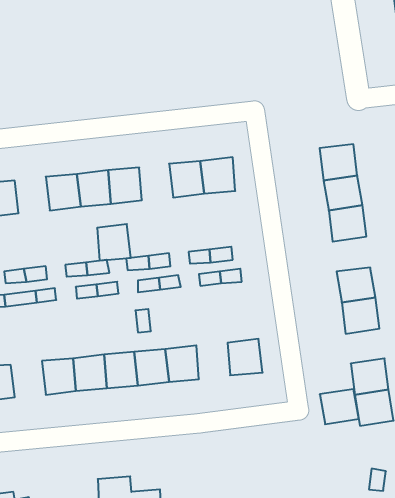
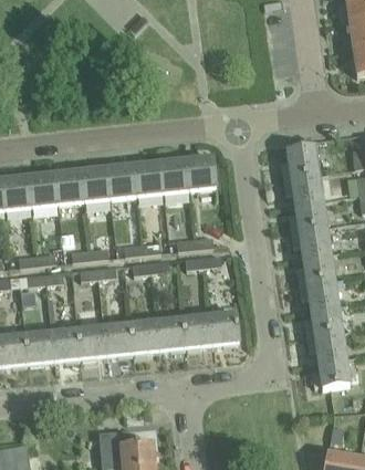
building: none -> [28,175,58,206]
building: [97,224,131,260] -> [134,164,163,195]
building: none -> [299,226,331,255]
building: none -> [182,316,211,347]
building: none -> [24,332,54,363]
building: [320,389,359,424] -> [310,304,343,334]

